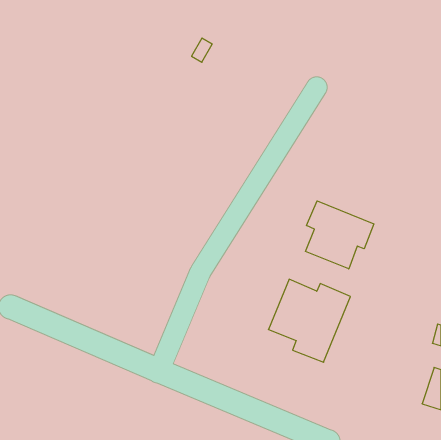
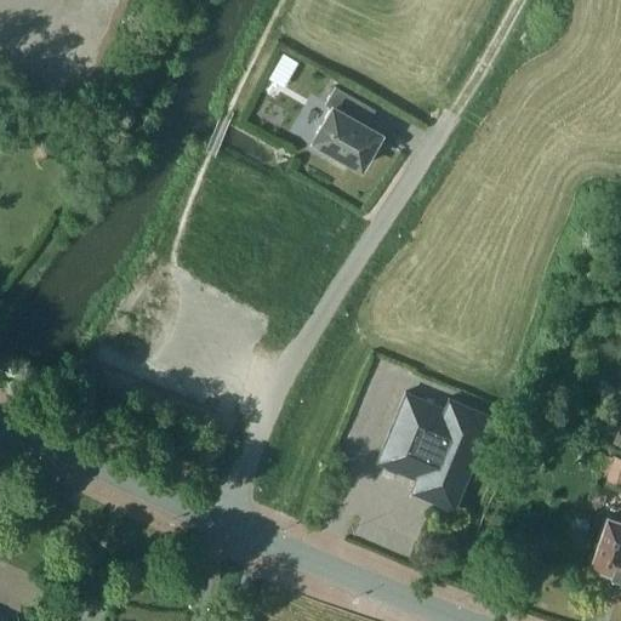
building: none -> [314,89,381,169]
building: [305,201,374,269] -> none

